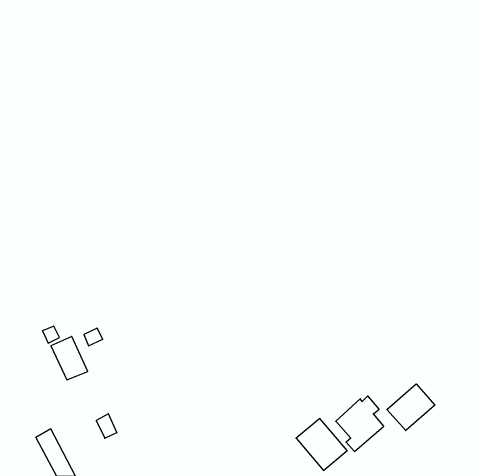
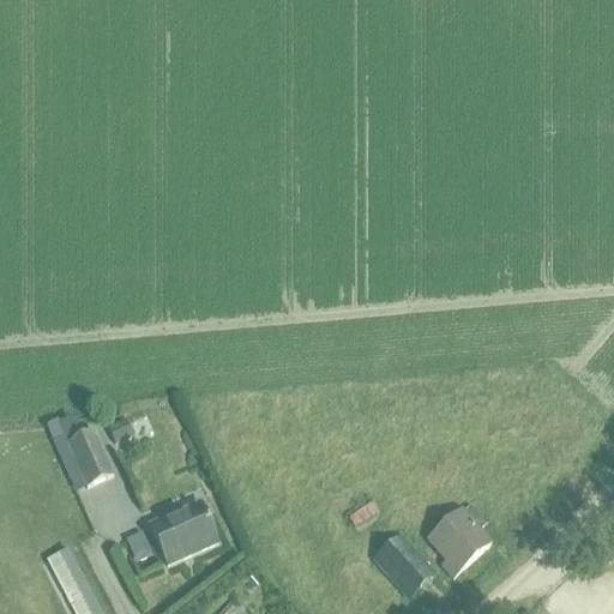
building: [387,384,435,431] -> none
building: none -> [149,500,216,561]

